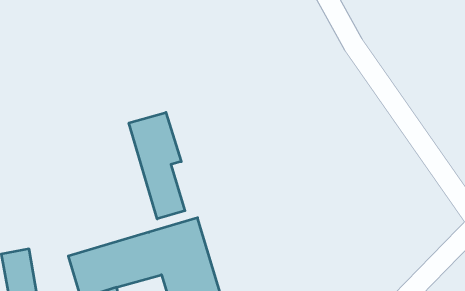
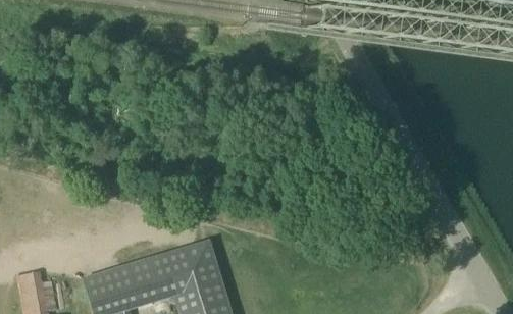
building: [129,112,185,219] -> none

